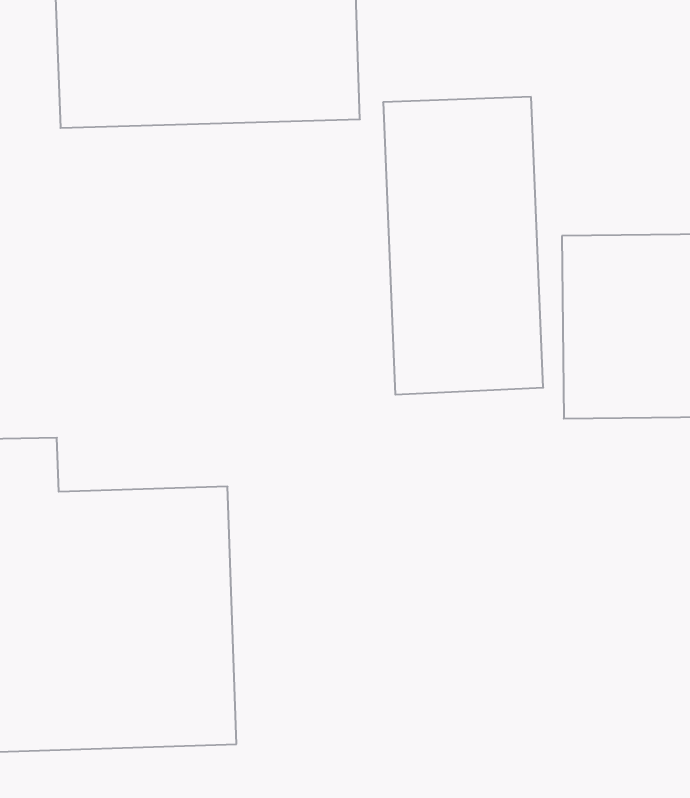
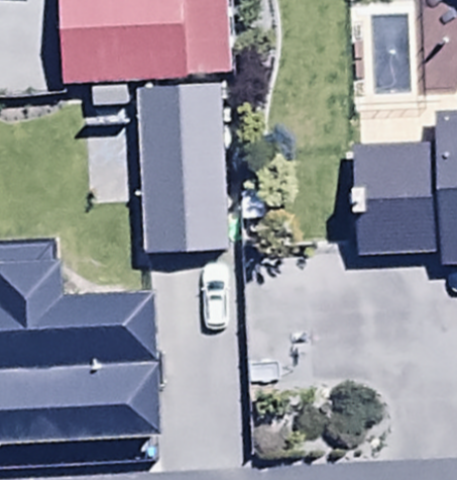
building: [383,97,543,395] -> [137,81,230,254]

